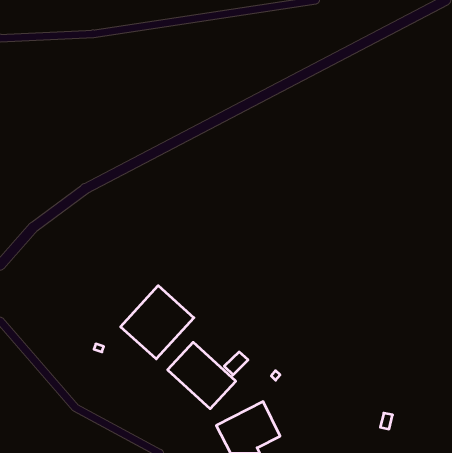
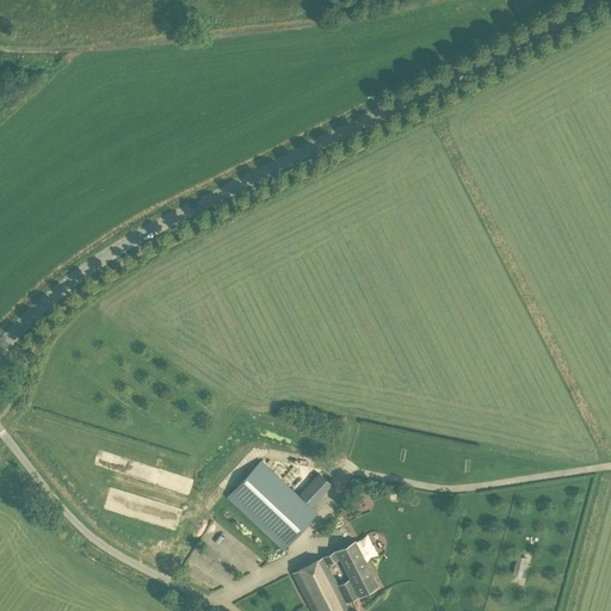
building: [121,286,194,359] -> none

